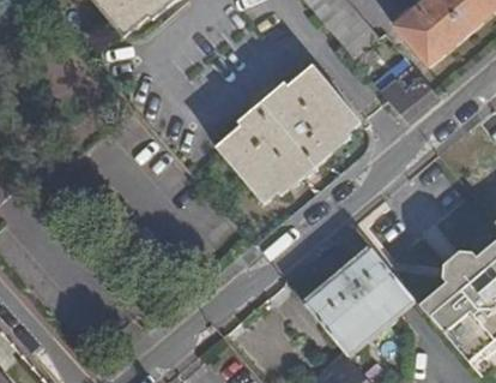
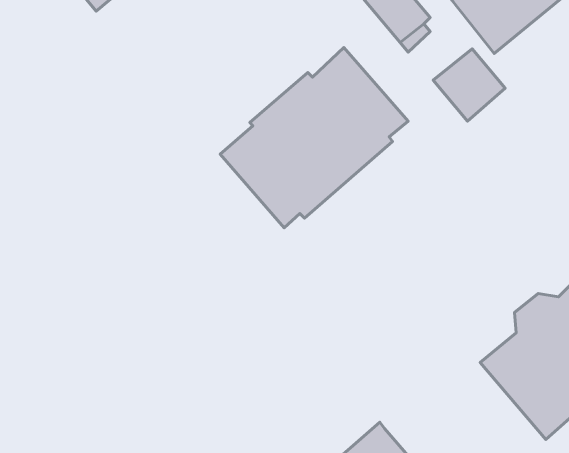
building: [303,250,413,355] -> none

